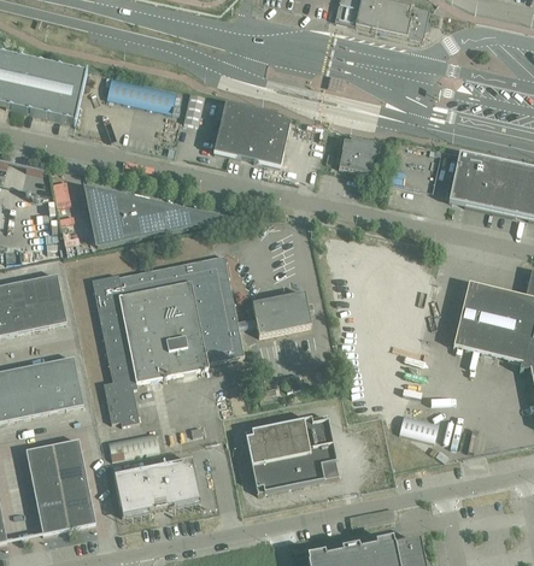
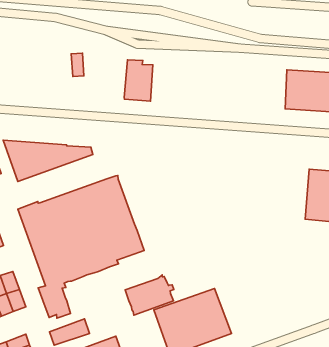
building: [106,75,176,110] -> none
building: [213,100,258,158] -> none
building: [339,136,382,172] -> none
building: [252,288,313,334] -> [125,275,174,315]

